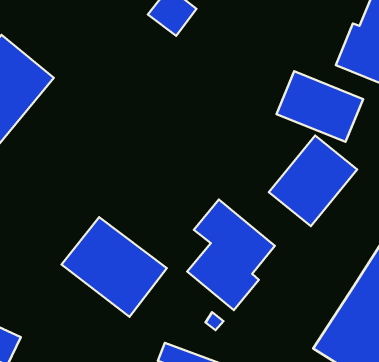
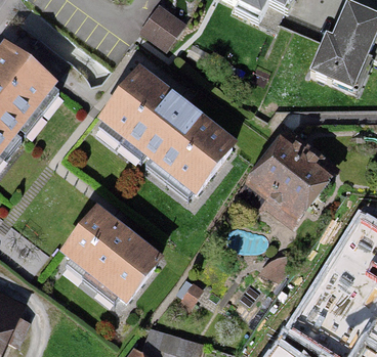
building: none -> [104,73,231,188]
building: [276,71,363,142] -> none
building: [187,199,275,310] -> none

